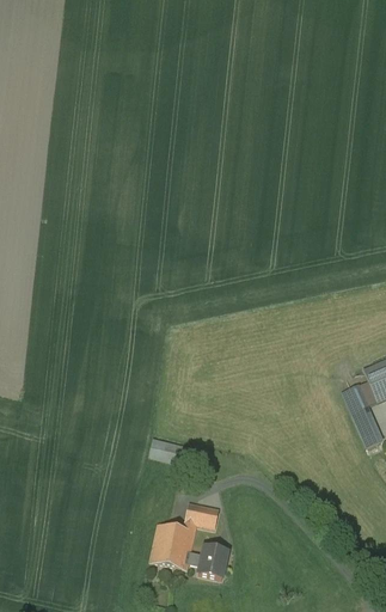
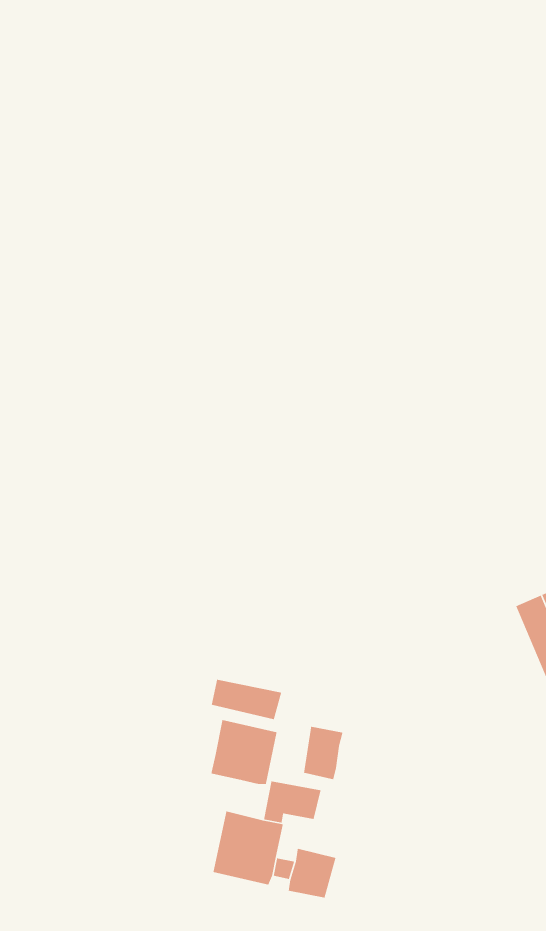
building: none -> [210,719,278,785]
building: none -> [303,726,344,780]

